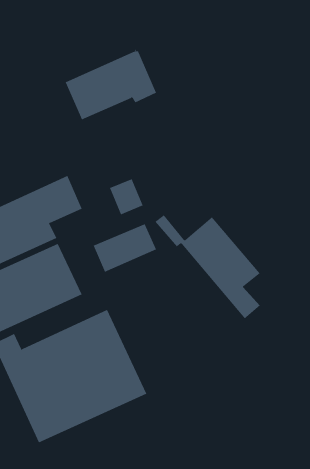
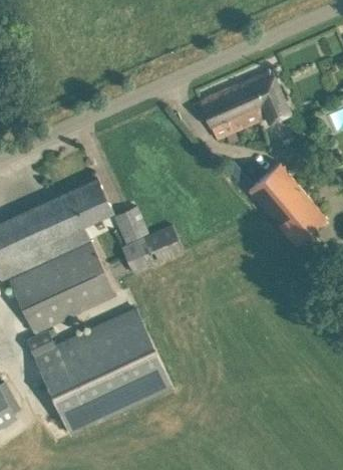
building: [65,49,157,120] -> [200,69,288,138]
building: [109,178,144,215] -> [113,207,146,242]
building: [155,215,260,319] -> [224,161,325,261]

